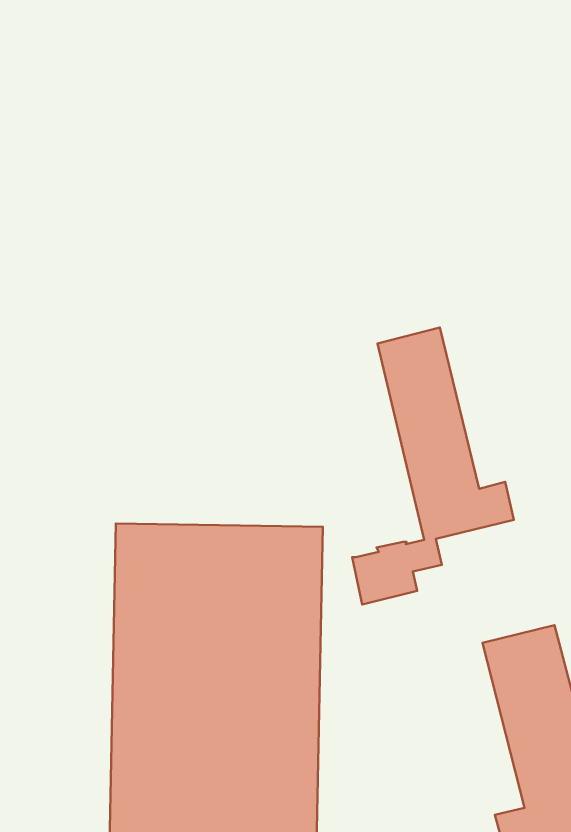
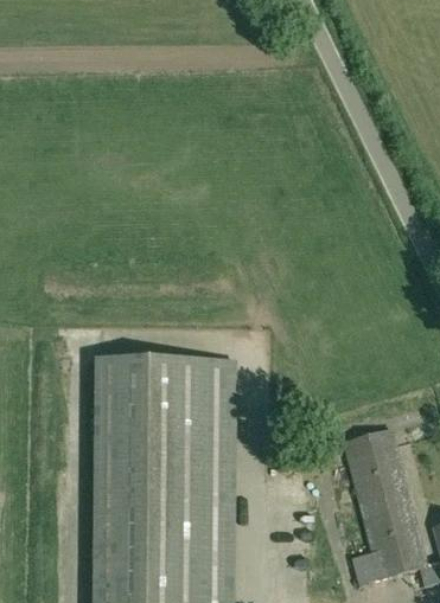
building: [352,327,514,604] -> none

